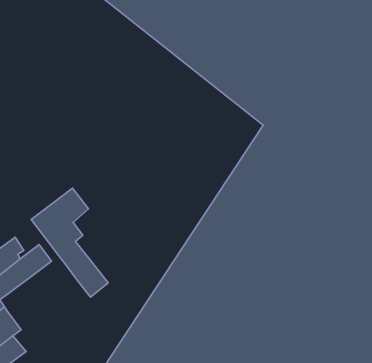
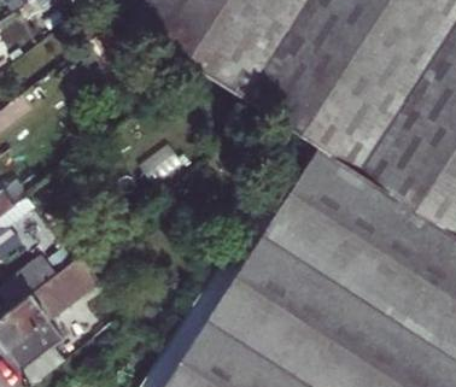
building: [31,188,108,297] -> none

